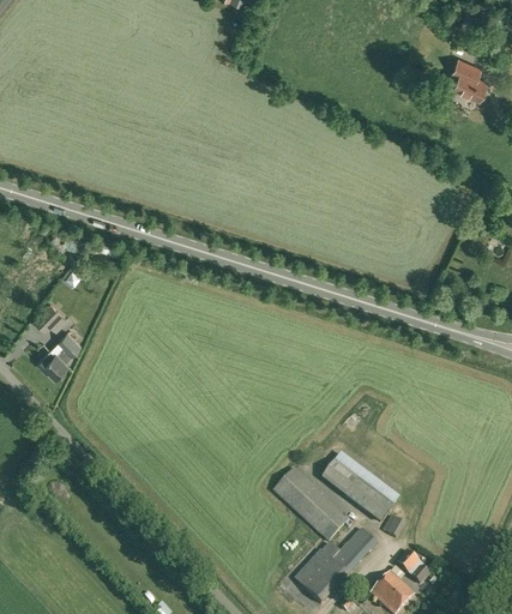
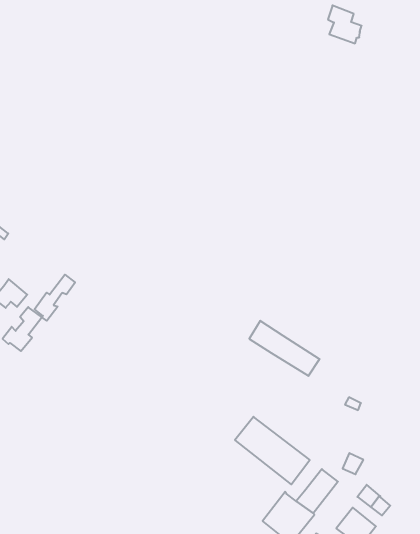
building: [453,55,488,97] -> [328,5,362,43]
building: none -> [35,275,75,321]
building: [323,458,394,520] -> [249,321,320,376]

